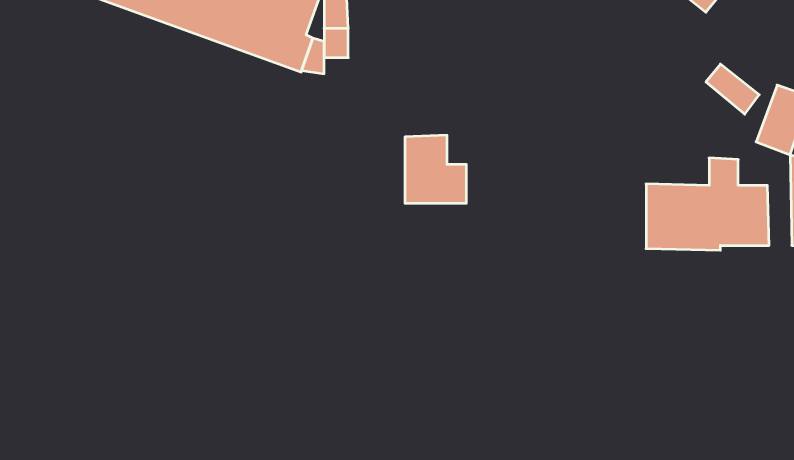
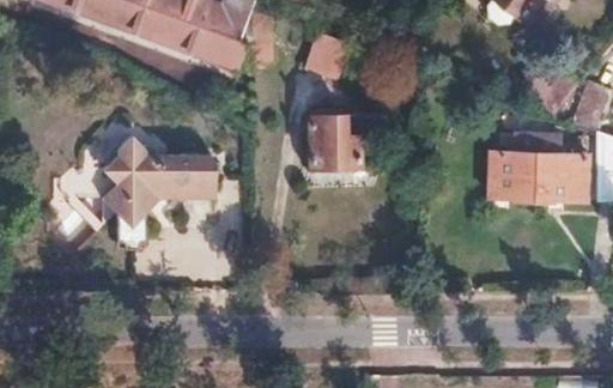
building: none -> [305,32,347,81]
building: none -> [97,120,216,229]

